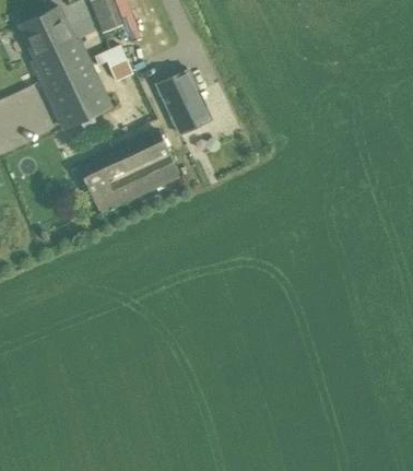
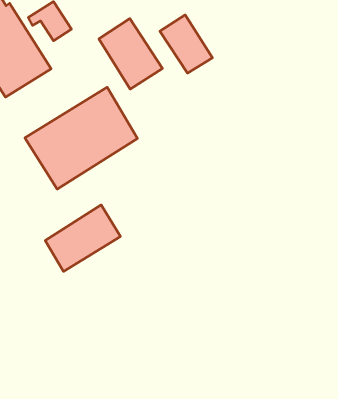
building: none -> [160,15,212,73]
building: none -> [45,205,121,271]

